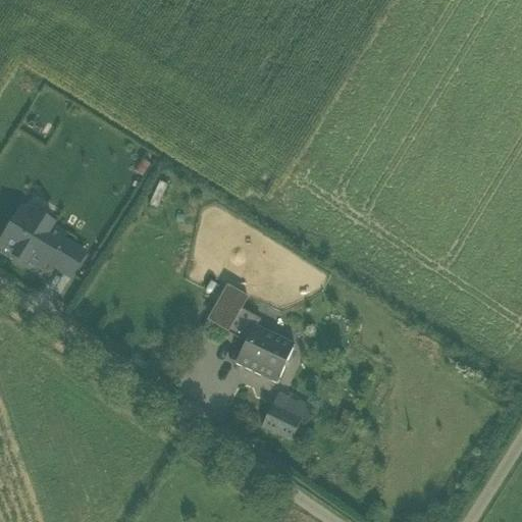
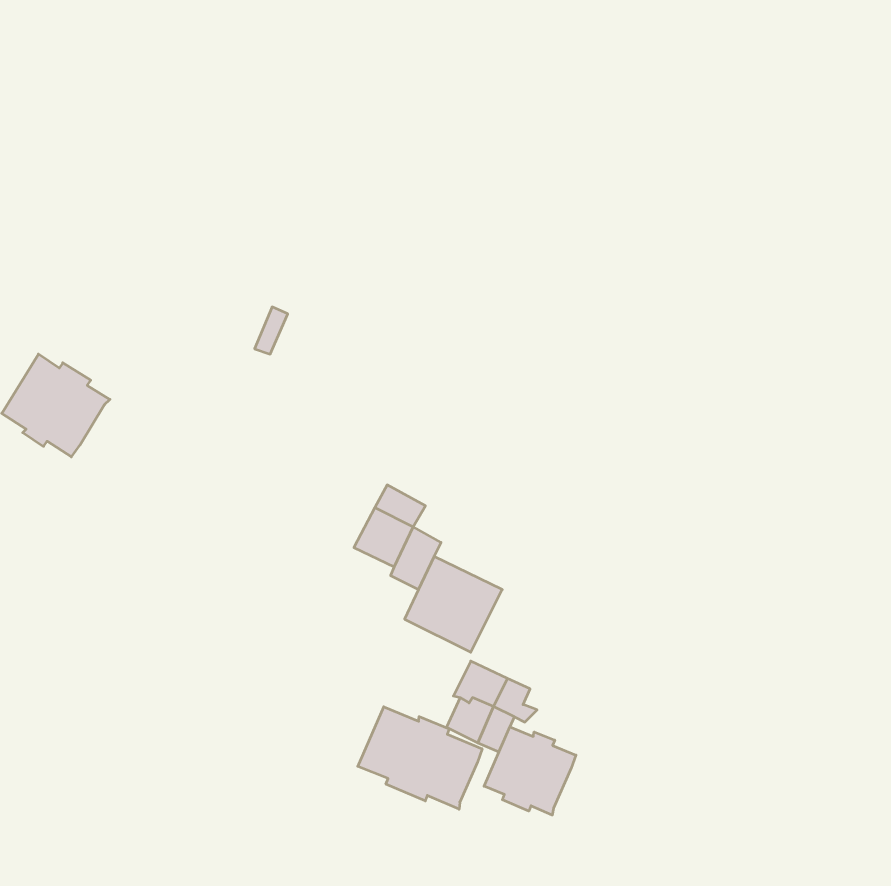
building: [47,237,85,274] -> none
building: none -> [358,707,482,809]
building: none -> [484,727,576,815]

